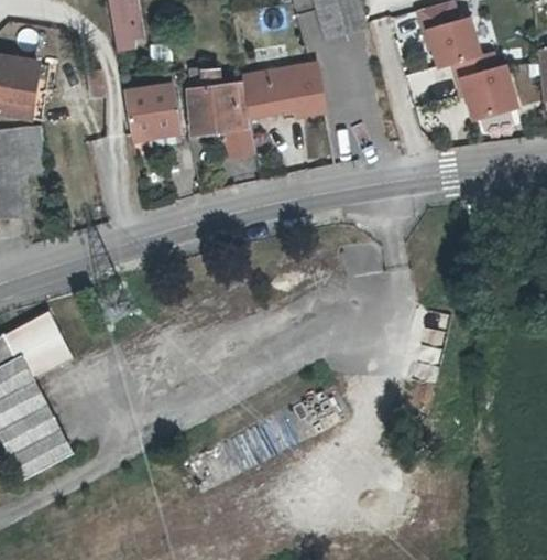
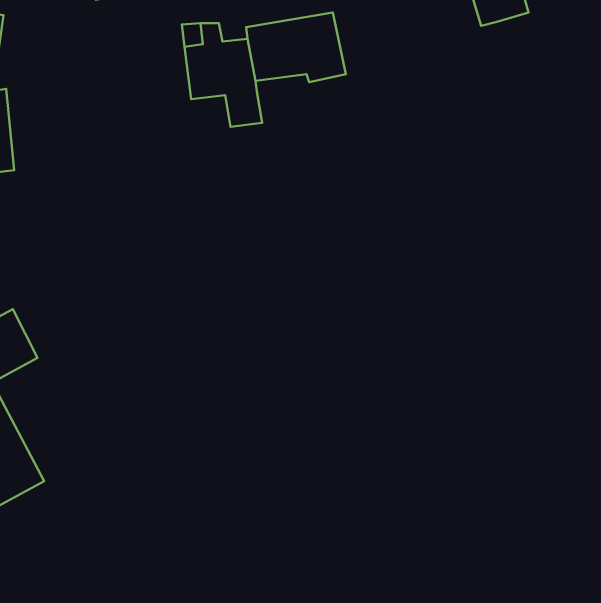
building: [452,56,515,123] -> none
building: [122,85,183,140] -> none

